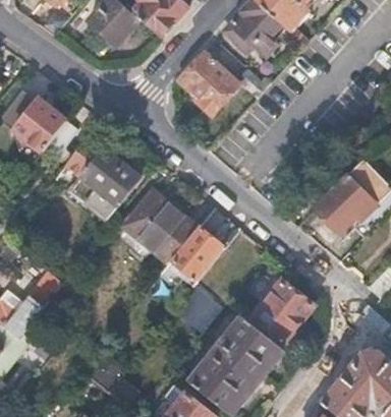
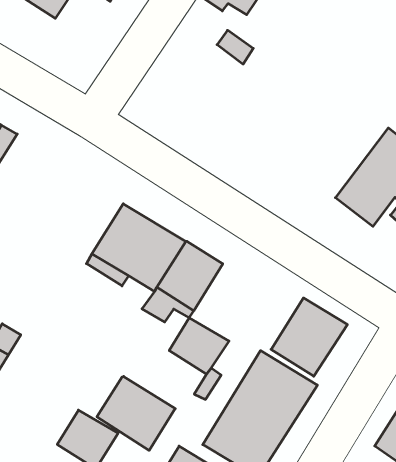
building: [178,51,237,112] -> none
building: [67,135,141,216] -> none
building: none -> [97,376,175,450]

